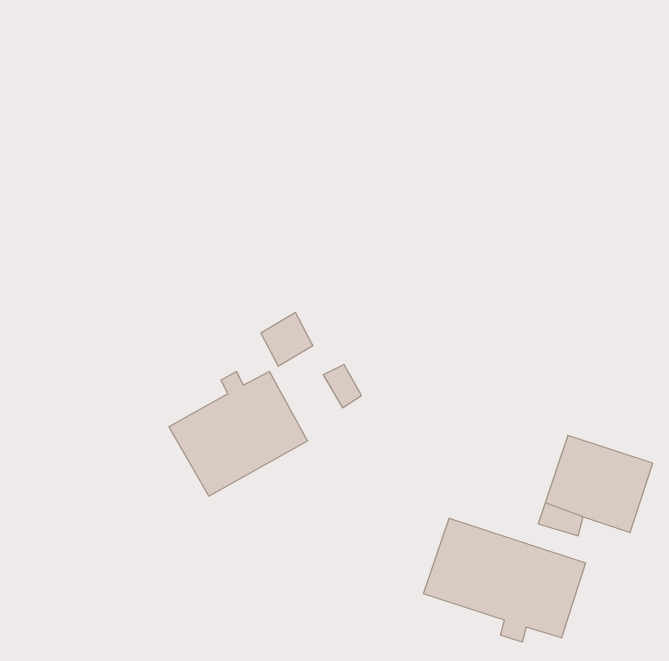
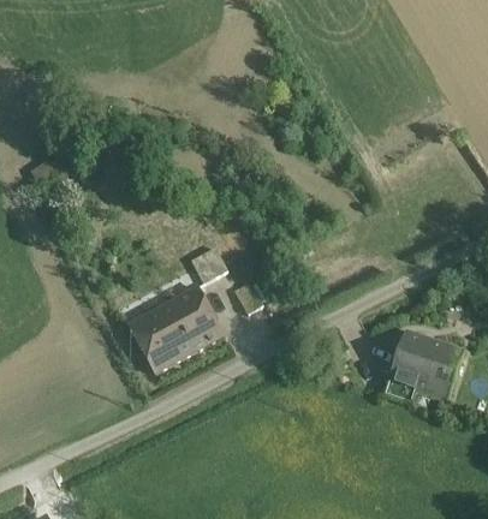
building: [423,518,585,642] -> none

